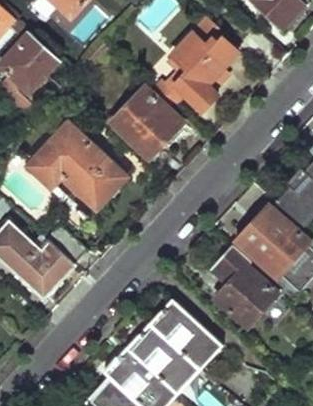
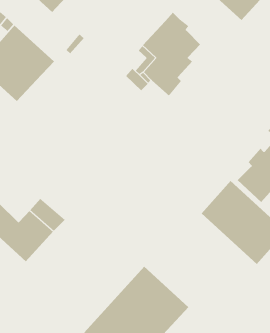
building: [107,85,180,158] -> none
building: [26,121,125,209] -> none
building: [197,245,279,329] -> none

